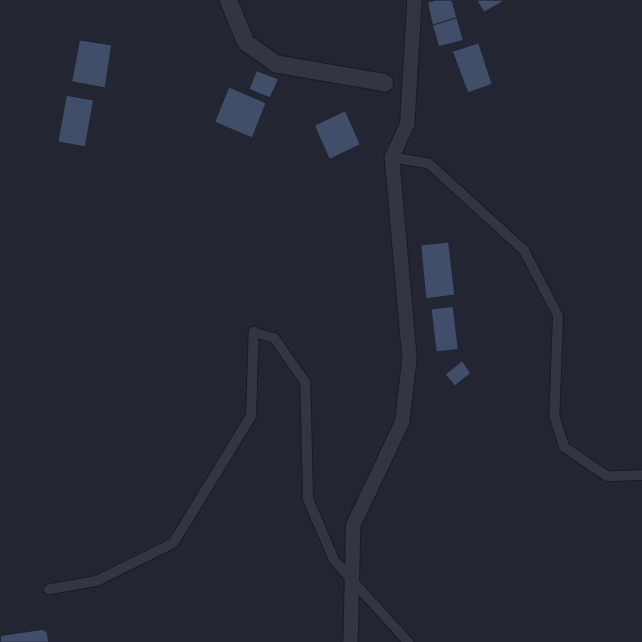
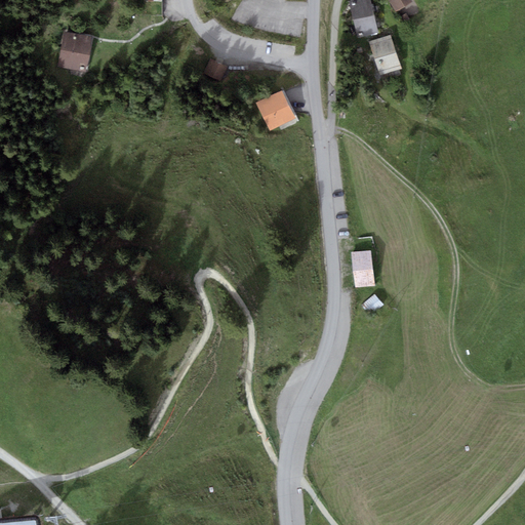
building: [215,87,266,138] -> none
building: [58,95,94,147] -> none
building: [421,242,455,299] -> none

